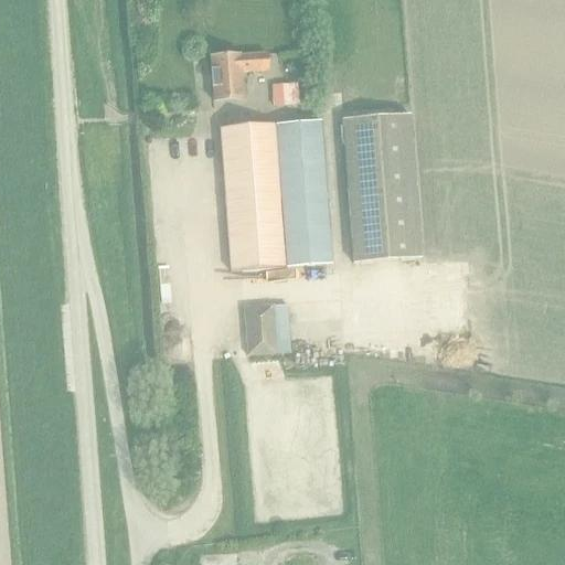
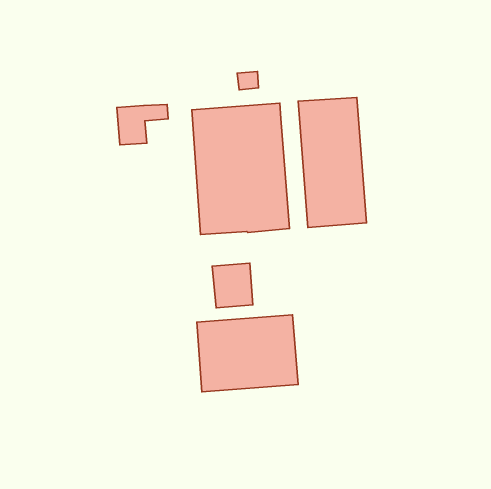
building: [211,51,269,97] -> [117,104,168,145]
building: none -> [197,315,298,392]

